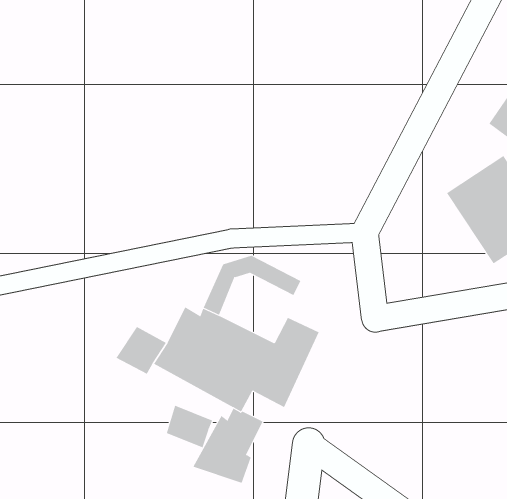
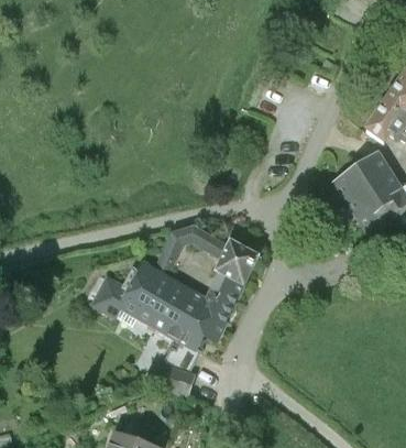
building: none -> [217,243,255,283]
building: [166,405,213,448] -> none

